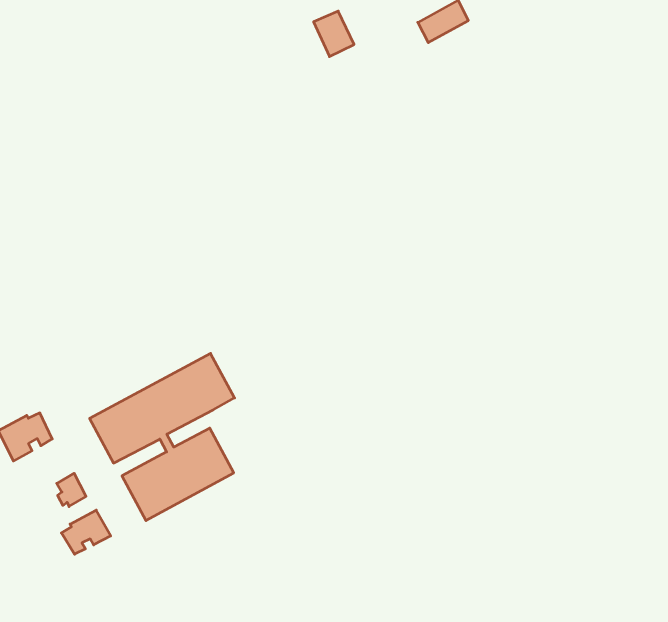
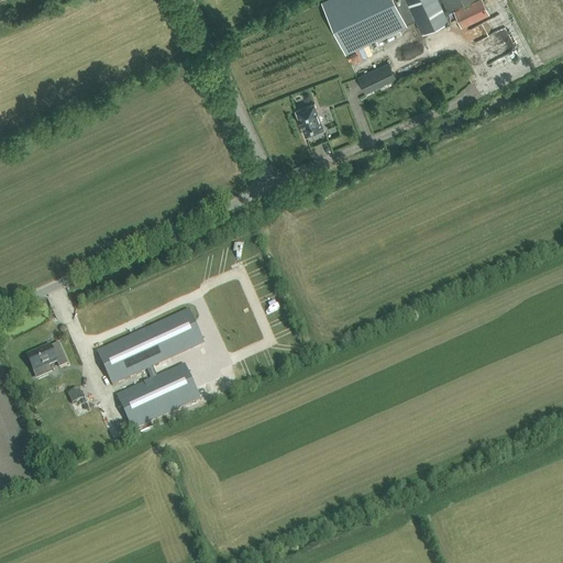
building: [314,11,354,57] -> [295,101,323,134]
building: [61,510,111,554] -> none

